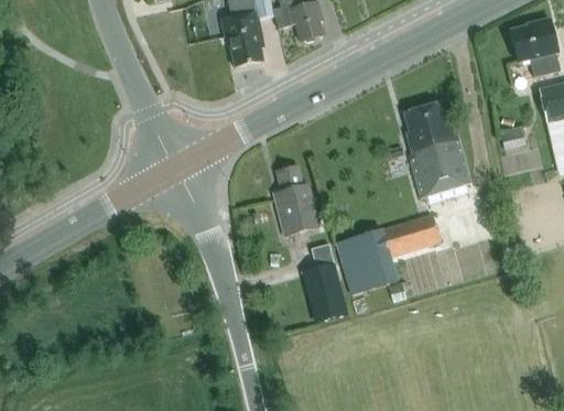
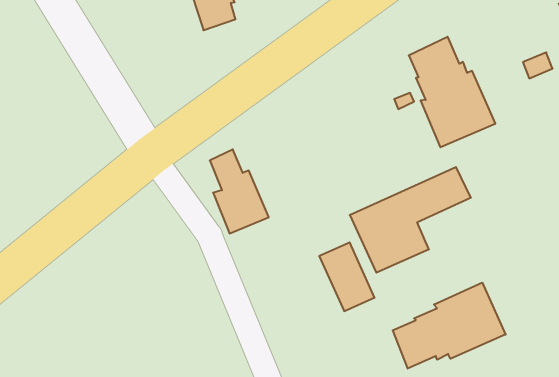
building: [275,164,319,235] -> [210,149,269,233]
building: none -> [393,283,506,369]

